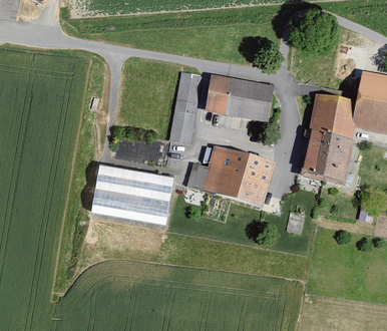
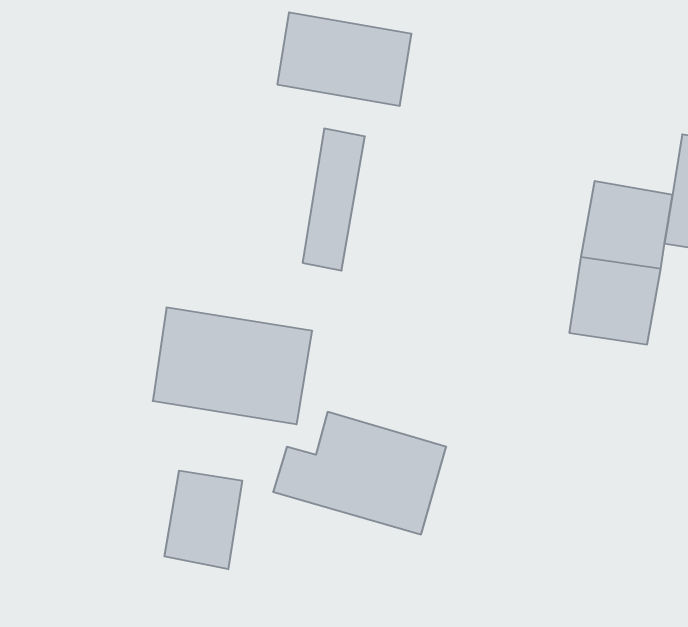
building: [206,74,275,122] -> [277,12,412,106]
building: [185,144,275,208] -> [273,412,446,534]
building: none -> [164,471,242,569]

